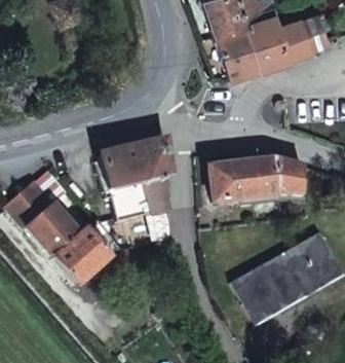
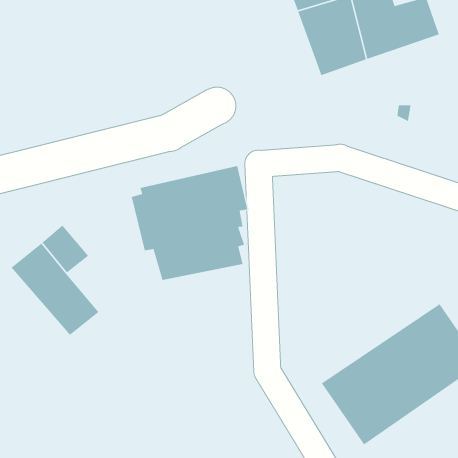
building: [209,156,310,199] -> none
building: [56,231,132,285] -> none

